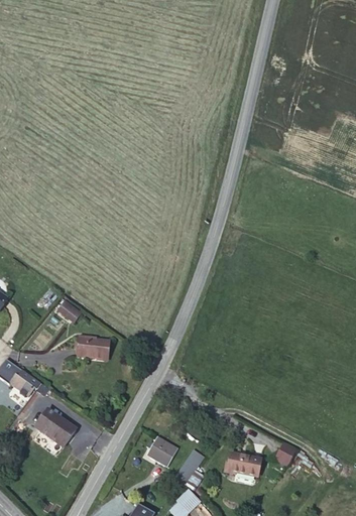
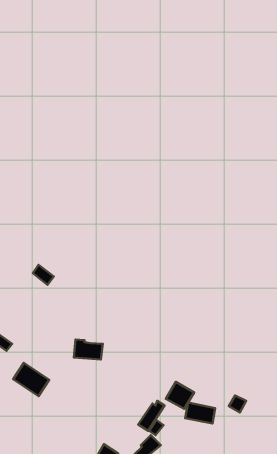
building: [78,336,110,358] -> [74,339,103,359]
building: [146,435,177,466] -> [166,382,194,409]

